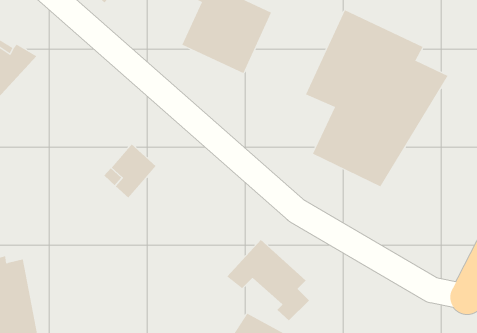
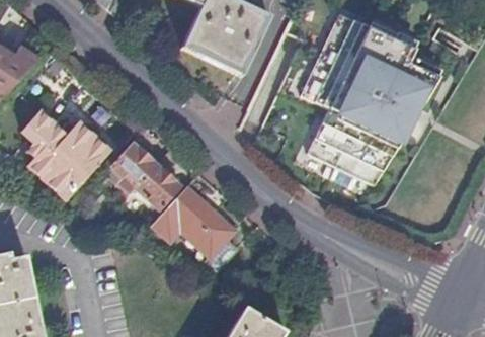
building: none -> [24,109,110,195]
building: none -> [137,164,181,208]
building: [227,239,310,321] -> [154,187,235,267]

